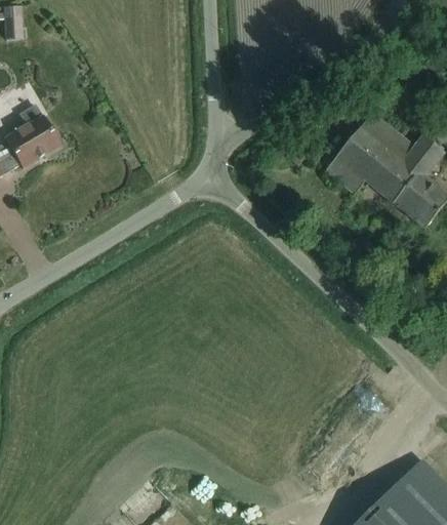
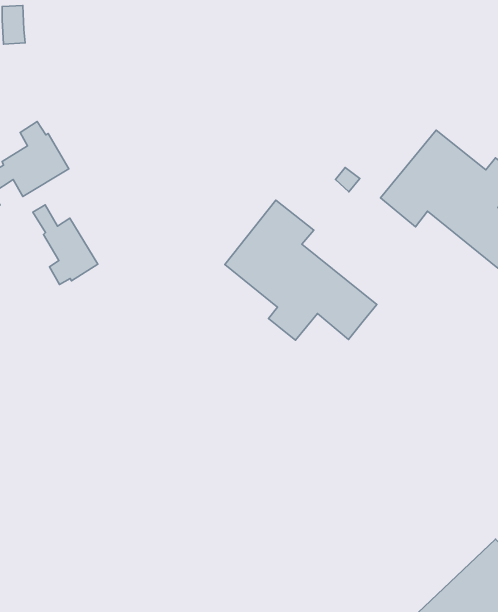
building: none -> [225,200,377,340]
building: none -> [33,205,98,284]

